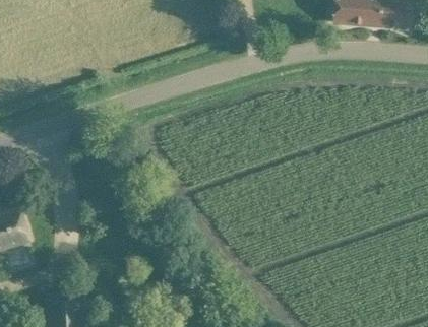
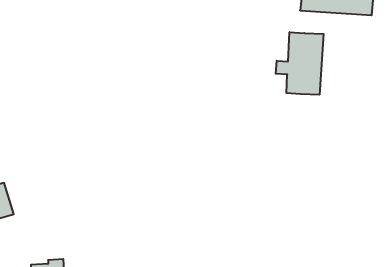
building: none -> [276,32,324,95]

